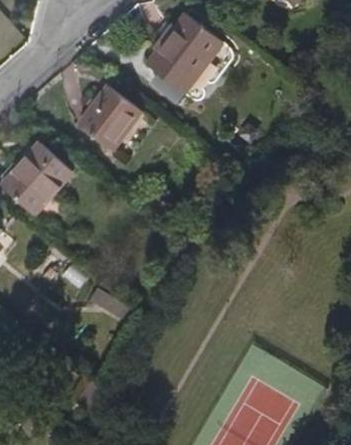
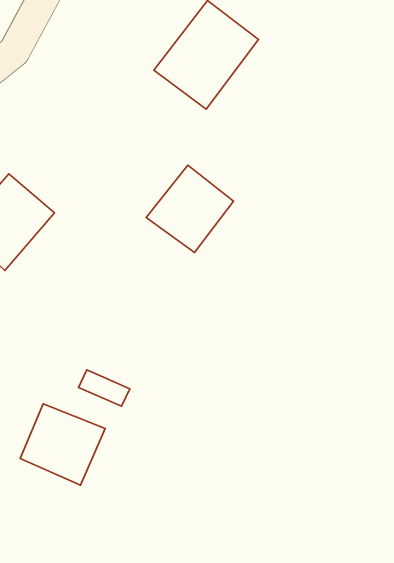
building: [75,85,141,150] -> [146,165,234,252]
building: none -> [20,404,105,485]

